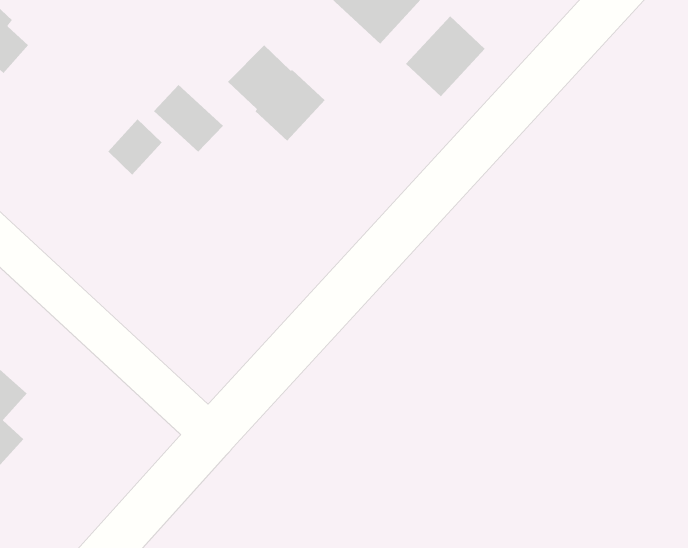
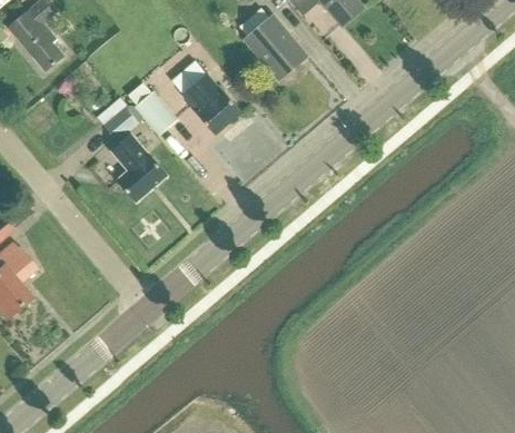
building: [405,15,486,97] -> none
building: none -> [110,134,166,201]

